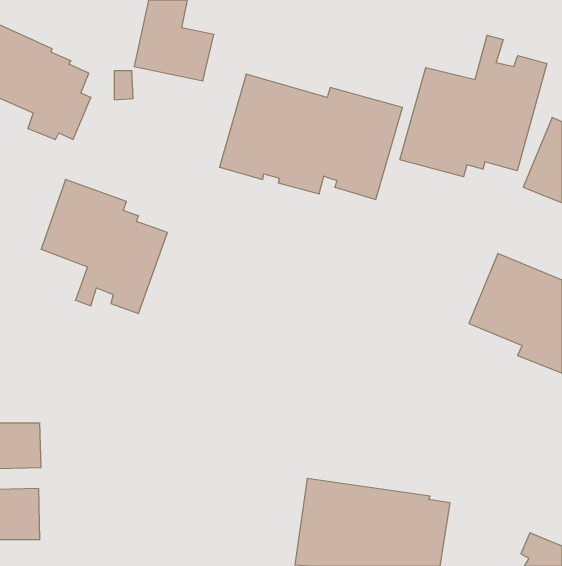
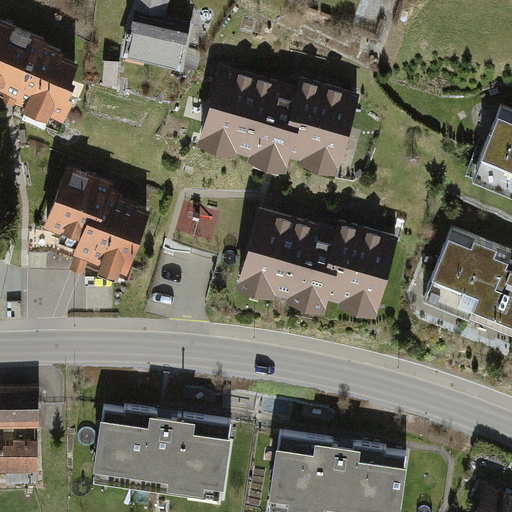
building: [400,35,547,177] -> none
building: none -> [235,210,399,320]
building: none -> [90,406,234,503]

